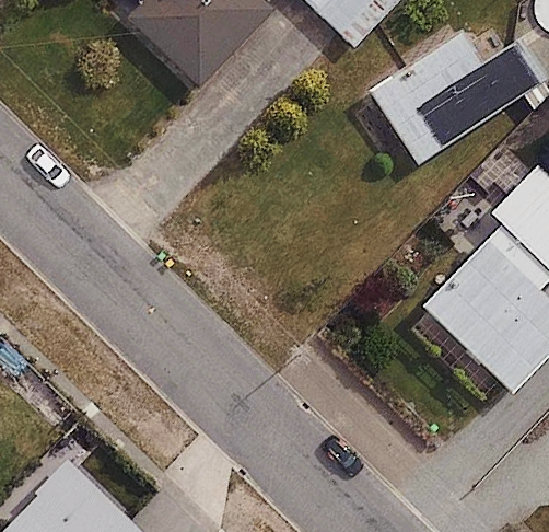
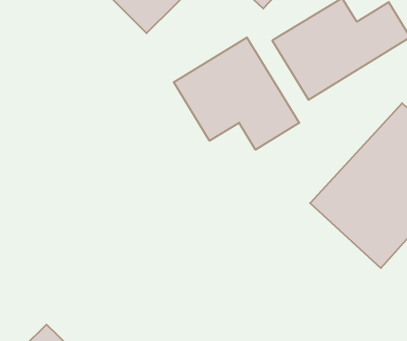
building: none -> [174,37,299,150]

